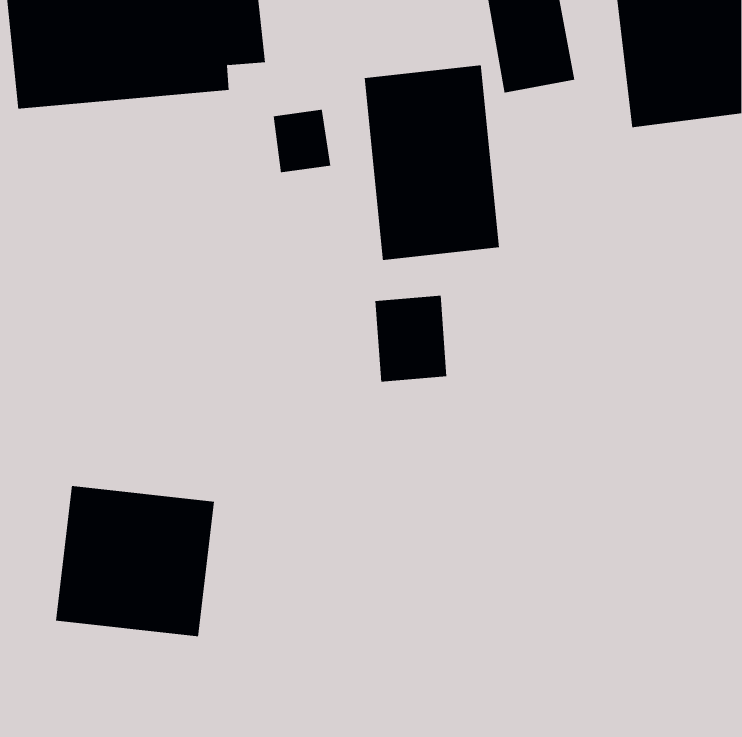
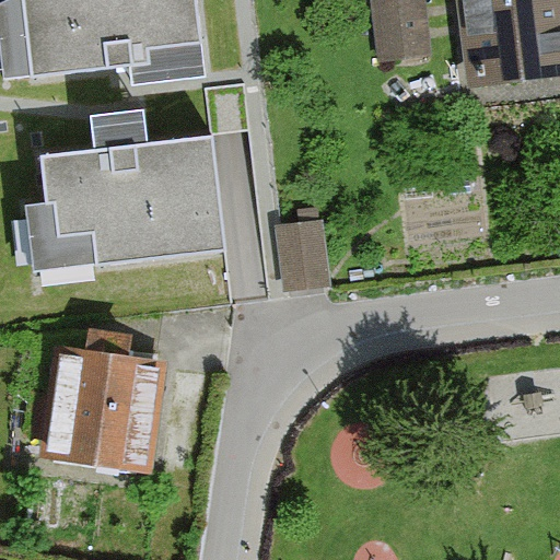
building: [364,65,499,261] -> none
building: none -> [27,109,220,265]

